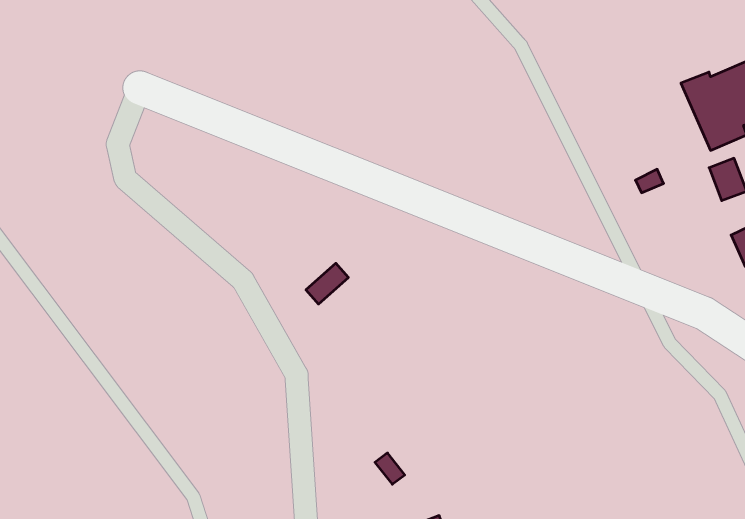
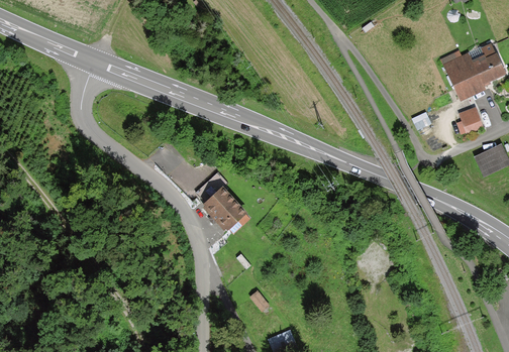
building: none -> [203,197,243,238]

